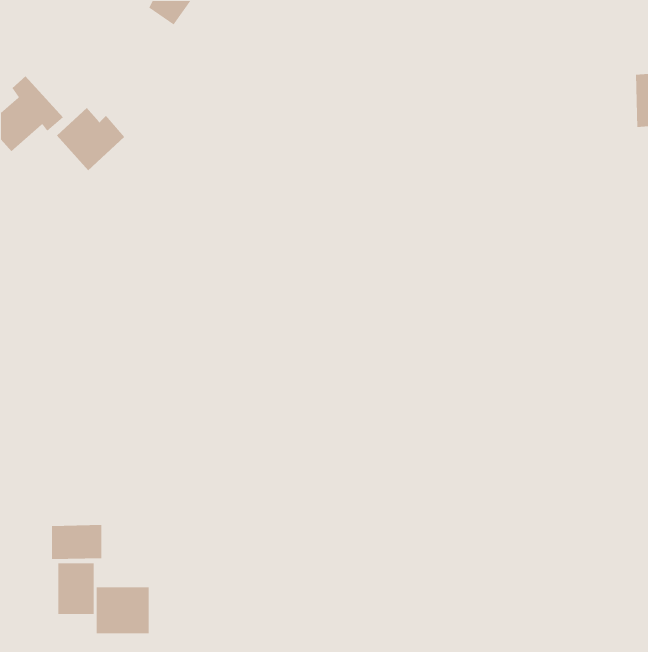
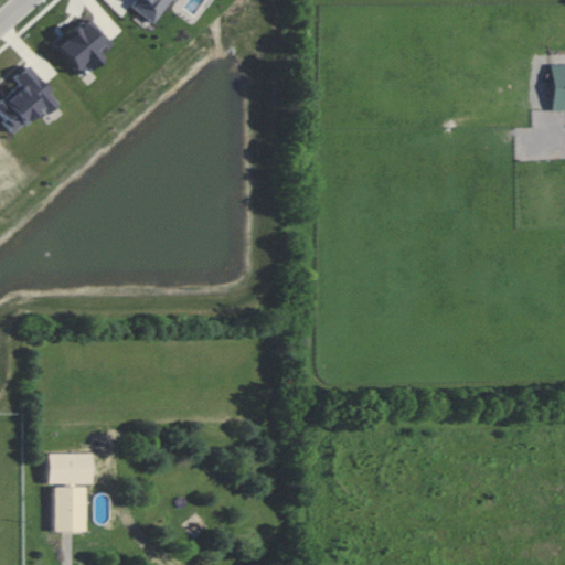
building: [56,107,125,171] -> [55,21,115,76]
building: [96,586,150,634] -> none

